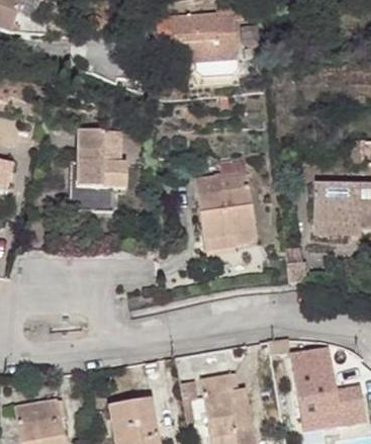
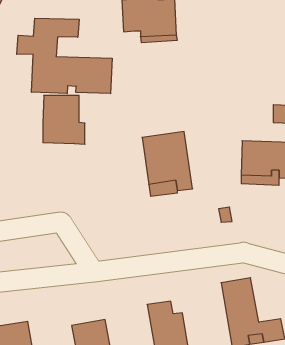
building: none -> [17,18,112,94]
building: [70,161,114,208] -> none

